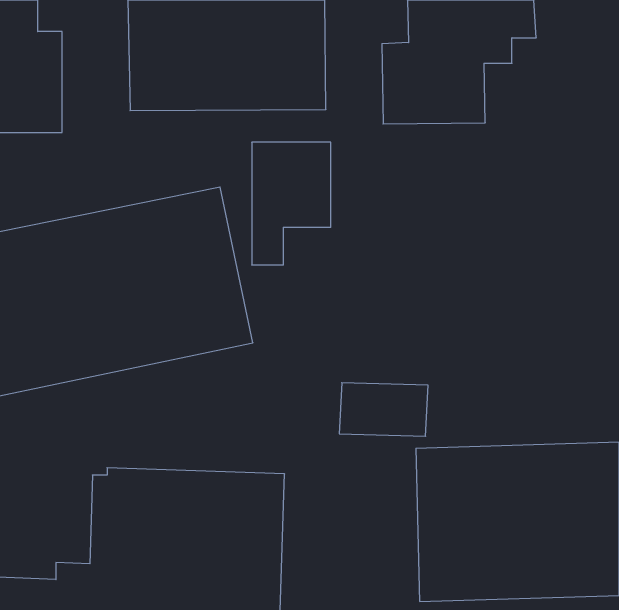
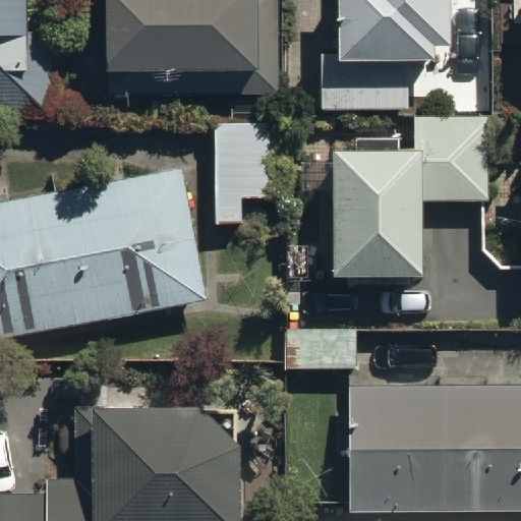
building: none -> [330,118,484,275]

